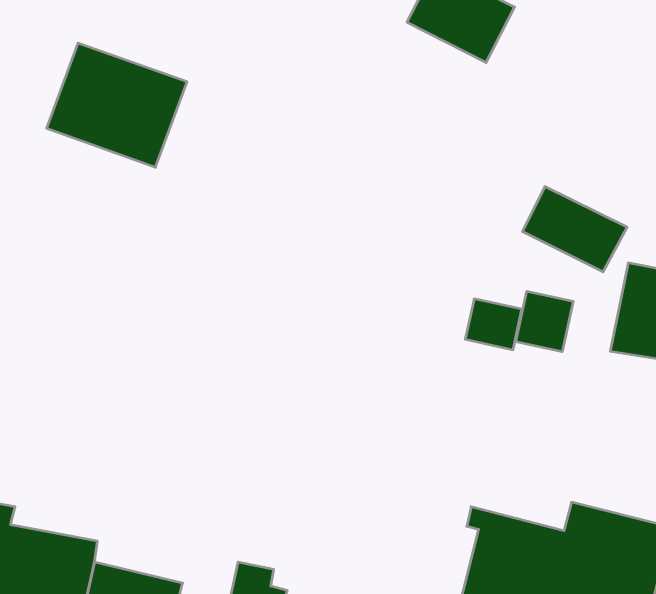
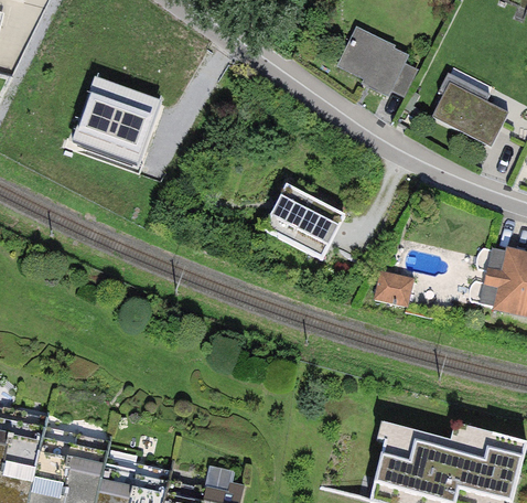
building: none -> [257,182,348,265]
building: [522,187,627,272] -> [432,79,509,142]
building: [516,291,573,352] -> none

